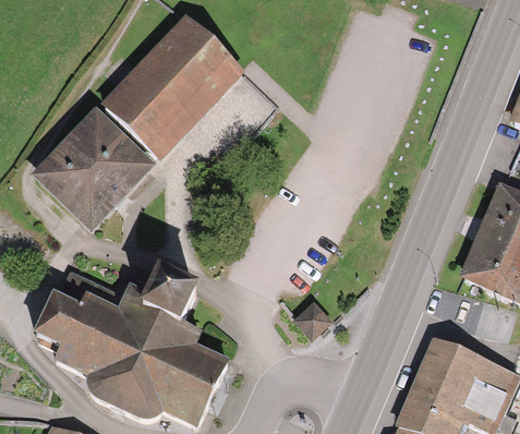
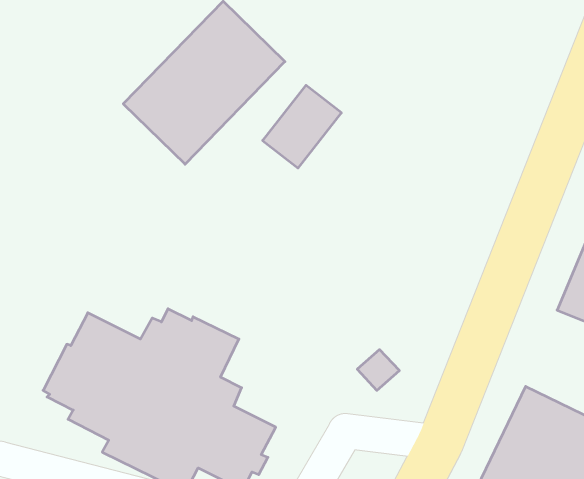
building: [37,113,148,225] -> none

